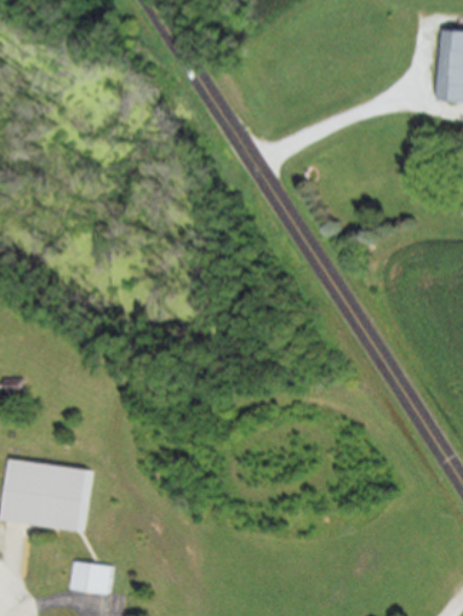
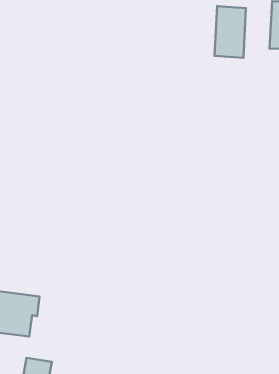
building: none -> [215,6,246,58]

